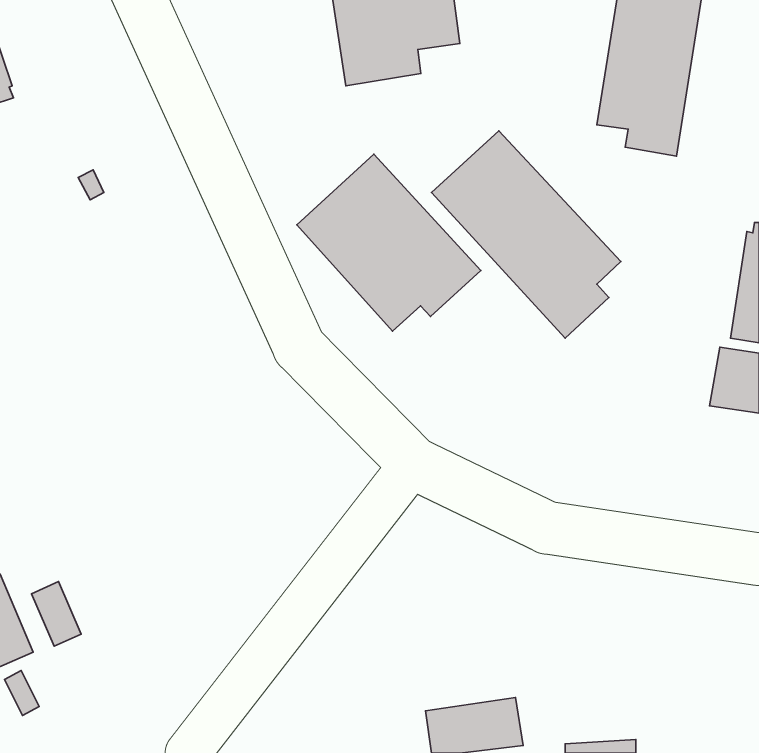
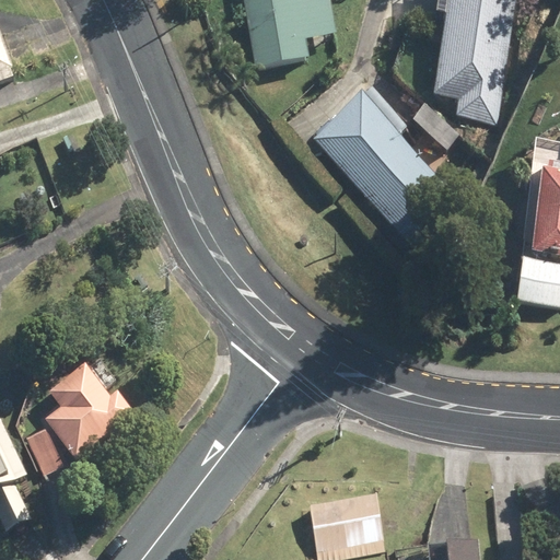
building: [297,154,481,331] -> none
building: none -> [43,352,131,456]

